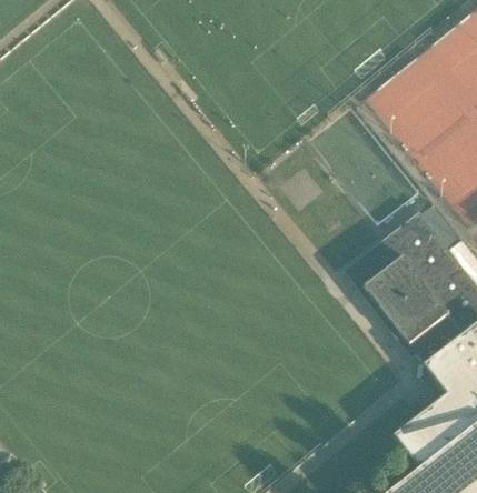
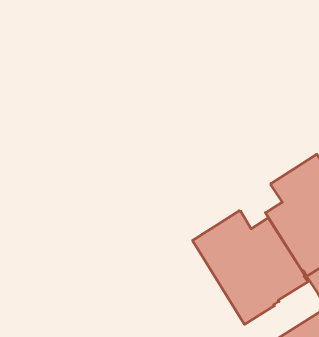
building: none -> [193,211,308,324]

